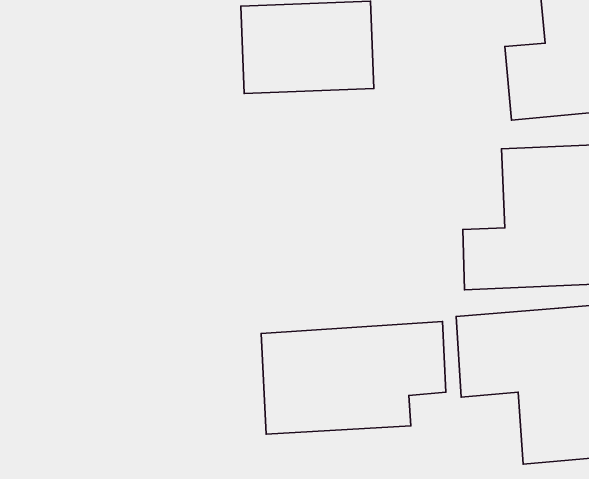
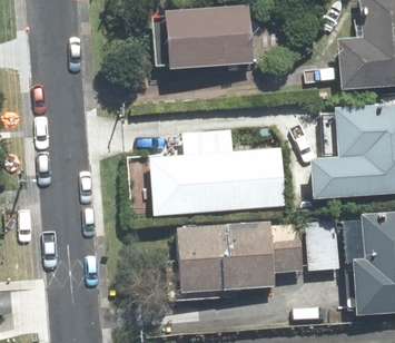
building: none -> [151,148,287,217]

